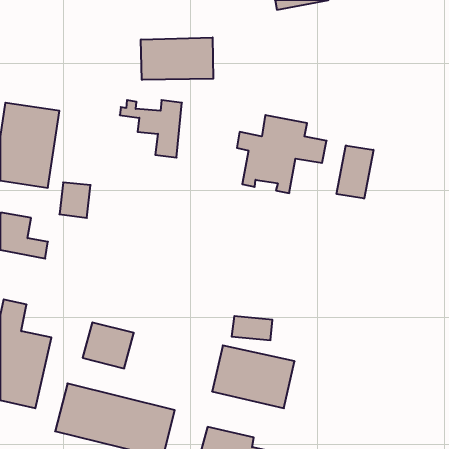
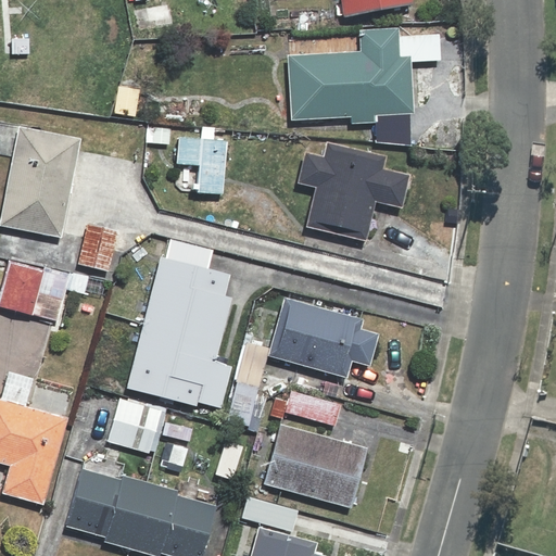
building: none -> [289,30,415,144]
building: [141,37,213,80] -> none
building: [337,145,373,199] -> none
building: none -> [127,257,232,406]
building: none -> [269,298,376,374]

